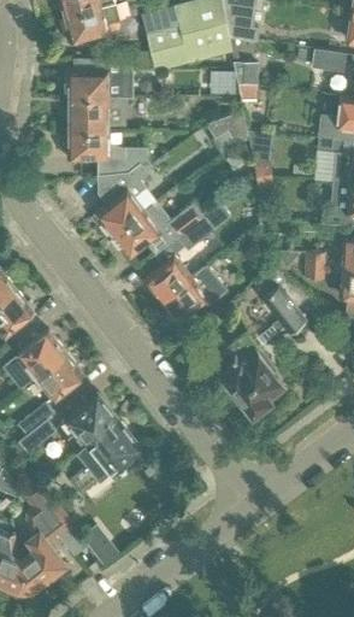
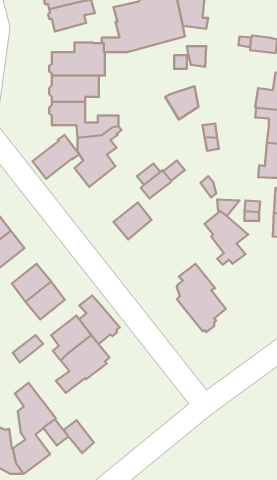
building: [113,204,171,258] -> [32,135,79,179]
building: [161,265,228,324] -> none
building: none -> [79,296,120,344]

